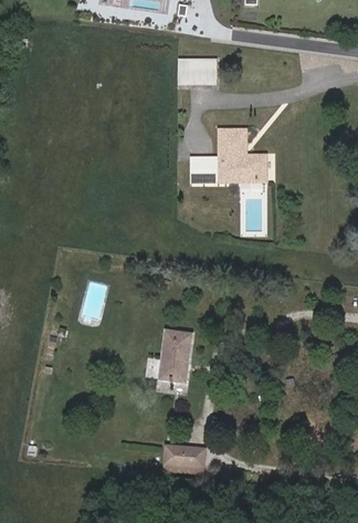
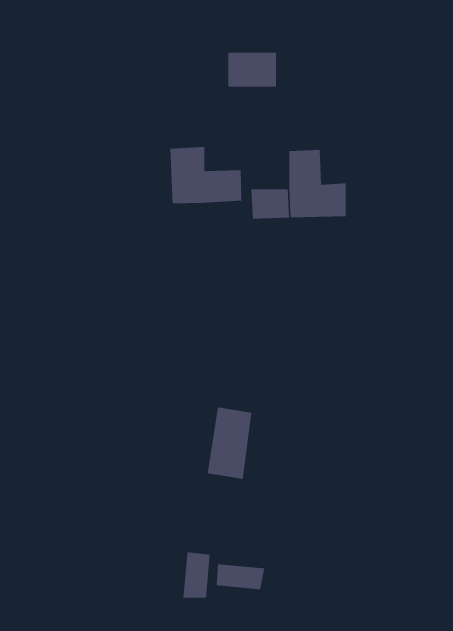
building: none -> [170,146,242,204]
building: none -> [183,552,210,599]

